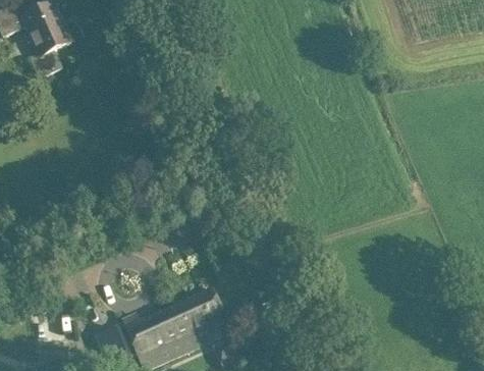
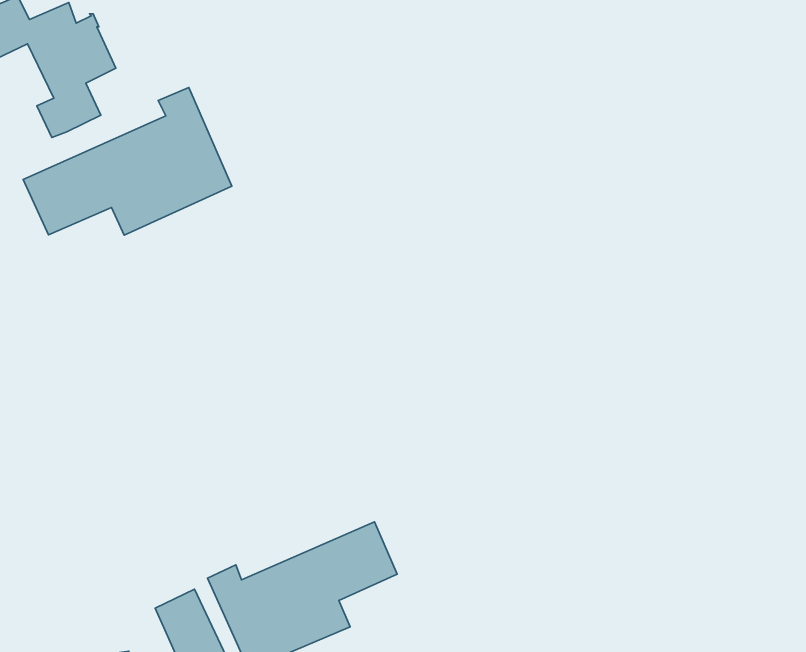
building: none -> [23,88,232,235]

